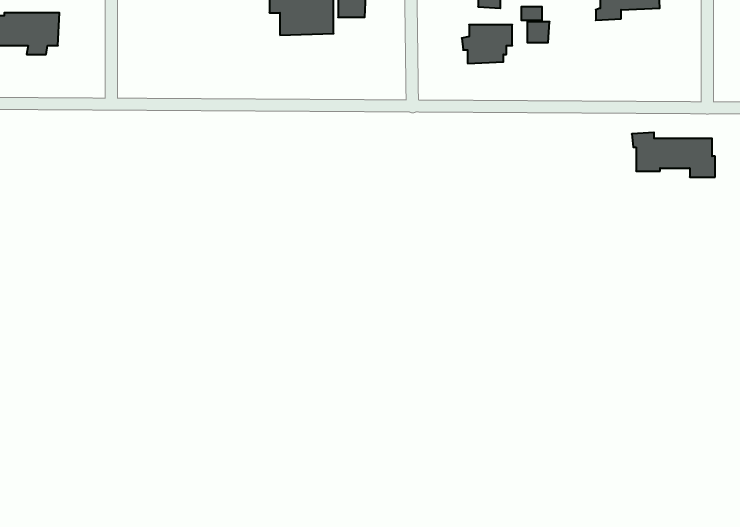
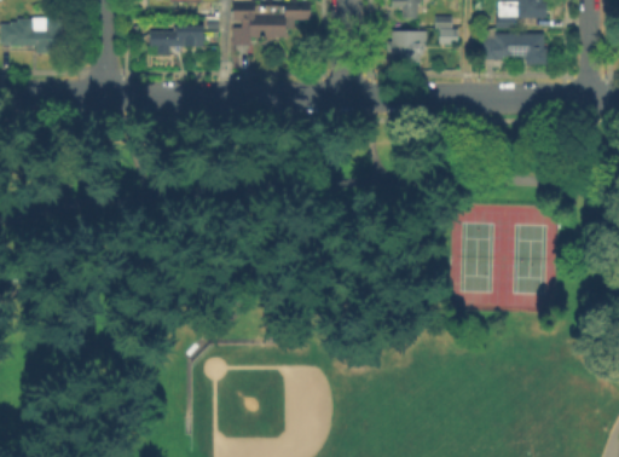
building: none -> [147,33,198,56]
building: [632,132,715,177] -> [480,28,548,64]

